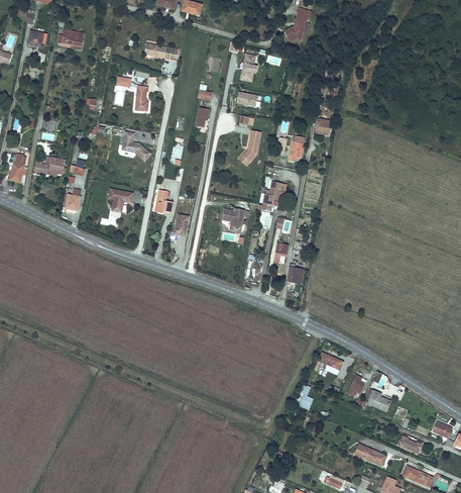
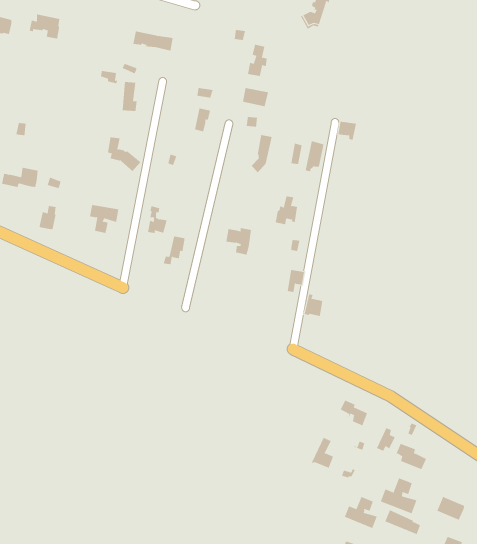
building: none -> [380,478,417,514]
building: none -> [344,496,378,529]

